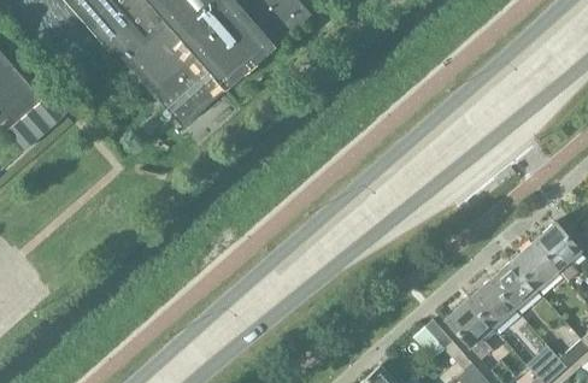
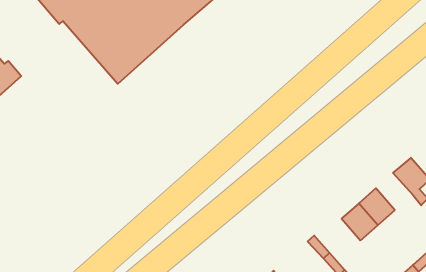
building: [513,241,560,288] -> none
building: [447,299,494,360] -> none

